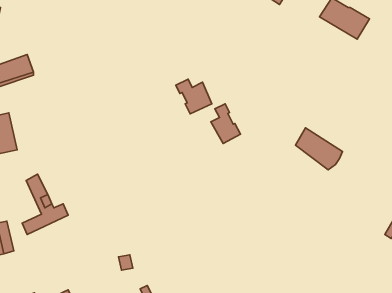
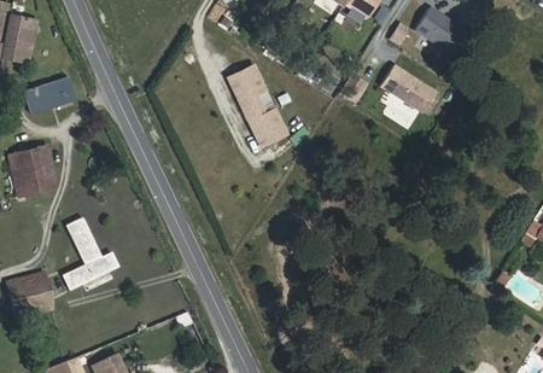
building: none -> [228,64,267,111]
building: [211,104,240,144] -> none
building: [295,128,343,170] -> [381,64,437,113]

